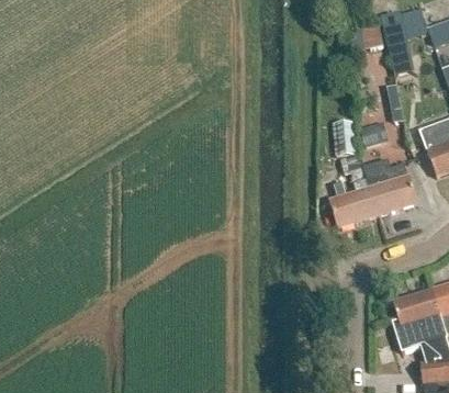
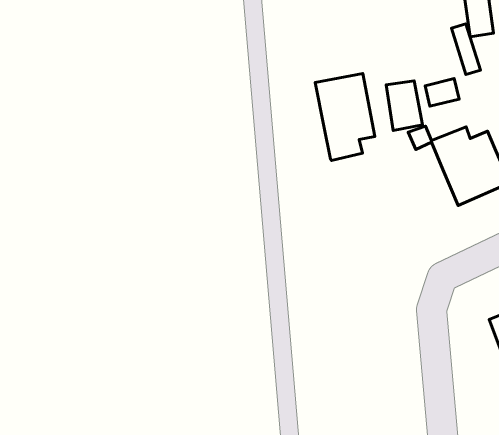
building: none -> [315,73,375,161]
building: [329,188,378,227] -> none

